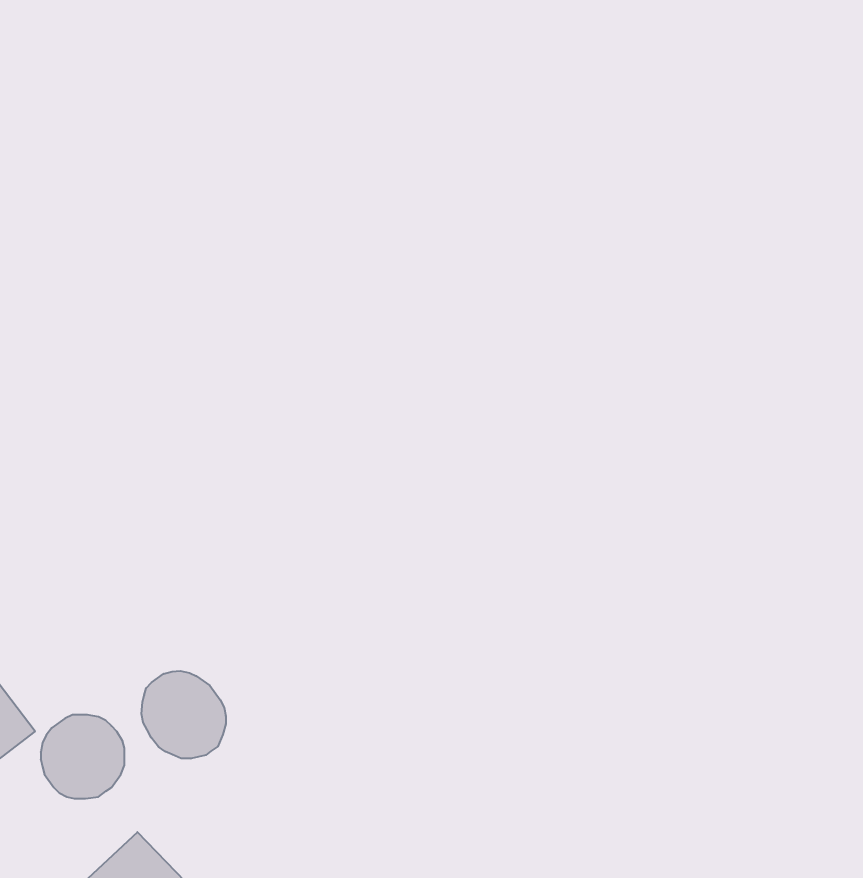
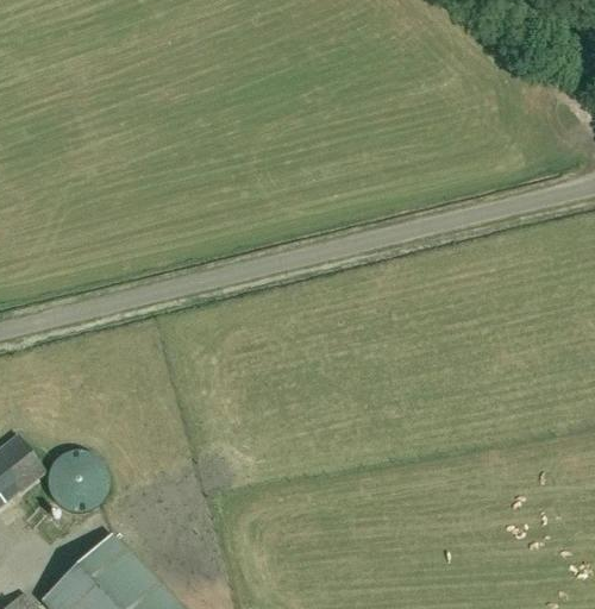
building: [141,671,226,759] -> none

